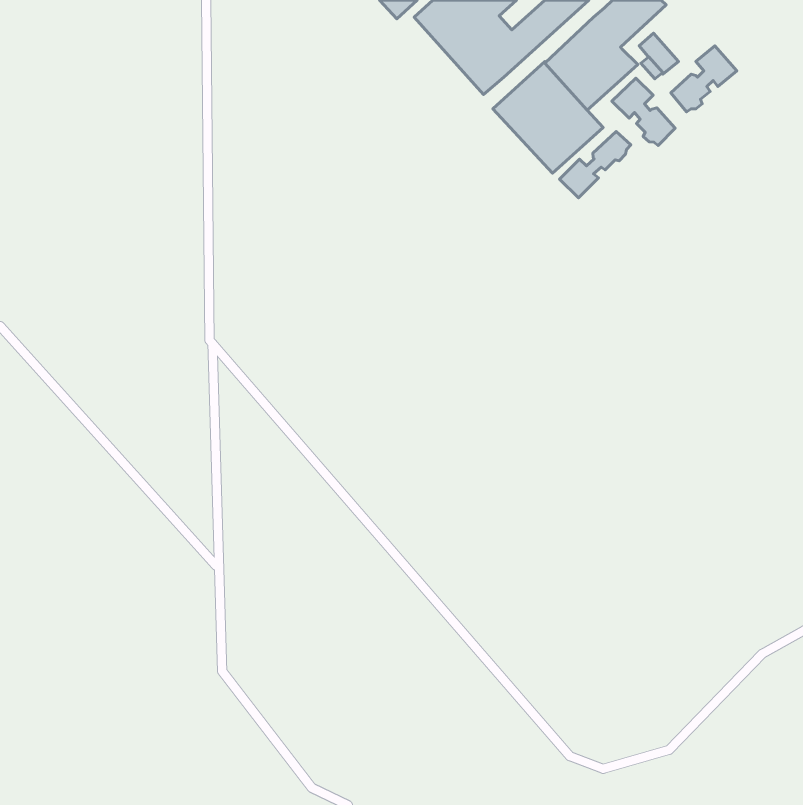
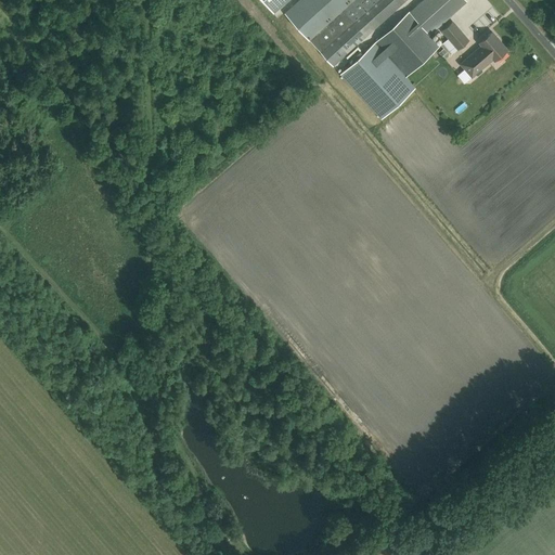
building: [612,78,675,146] -> none
building: [559,131,631,198] -> none

